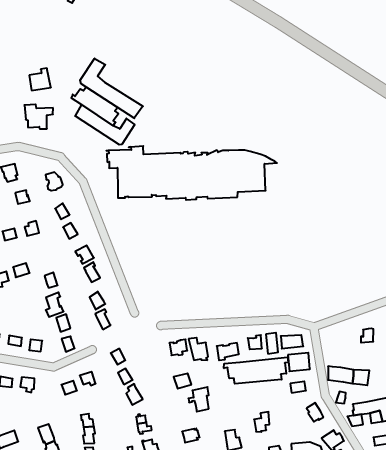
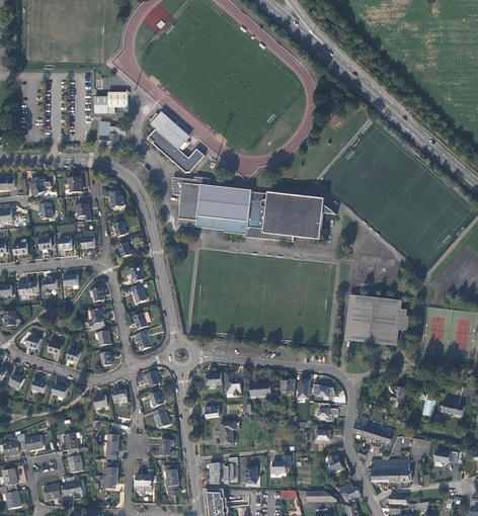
building: [80,58,143,118] -> none
building: none -> [346,294,408,345]
building: [224,357,288,384] -> none

